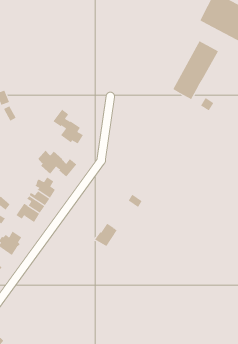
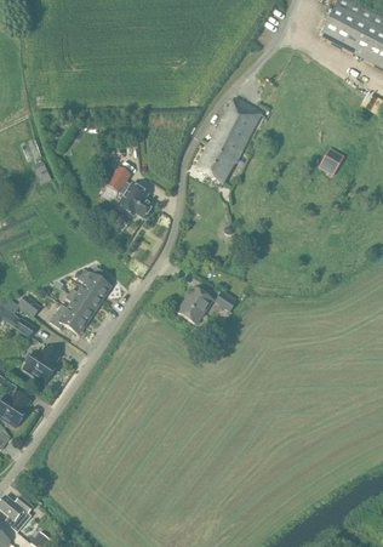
building: [173,40,219,100] -> [196,96,264,183]
building: [37,150,77,178] -> none
building: [94,223,117,247] -> [178,286,212,321]

